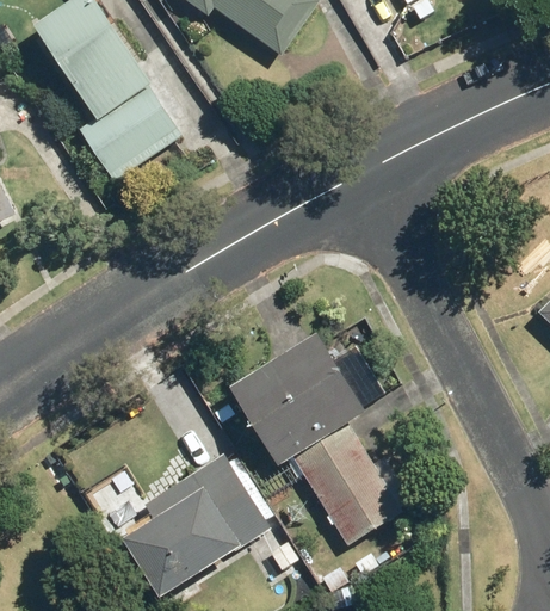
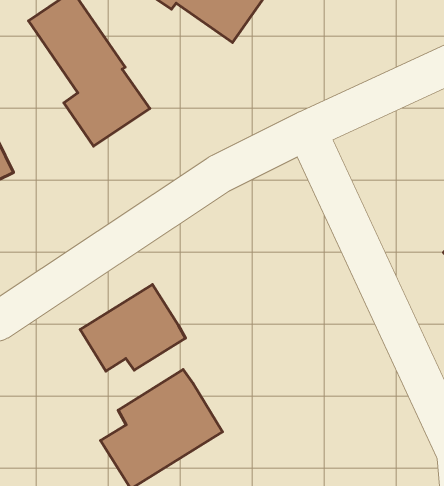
building: [229,333,410,544] -> none
building: none -> [80,284,186,371]

